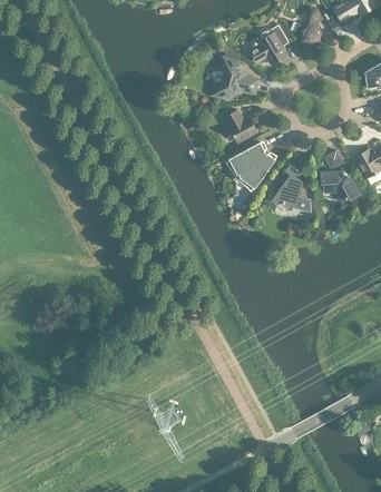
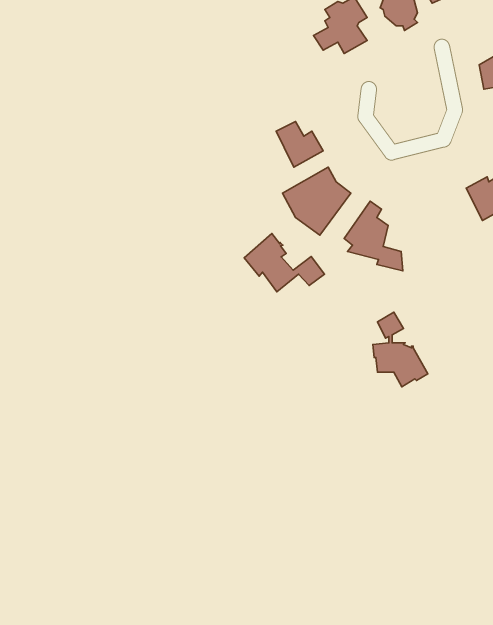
building: [213,47,257,99] -> none
building: [321,150,359,201] -> [373,312,428,387]
building: none -> [244,234,325,292]

